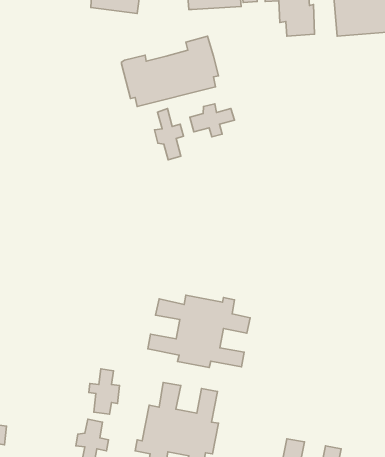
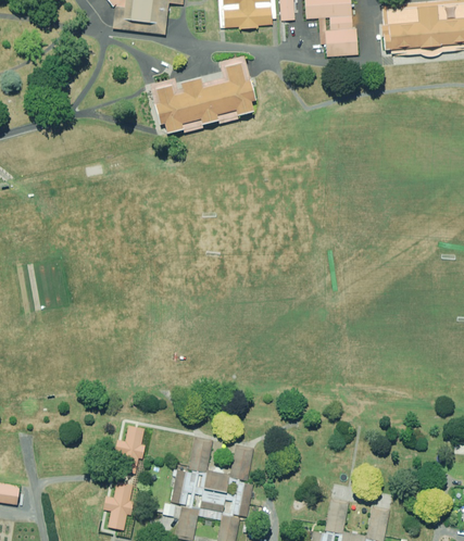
building: [190,104,234,137] -> none
building: [155,109,183,160] -> none
building: [148,295,250,367] -> none

